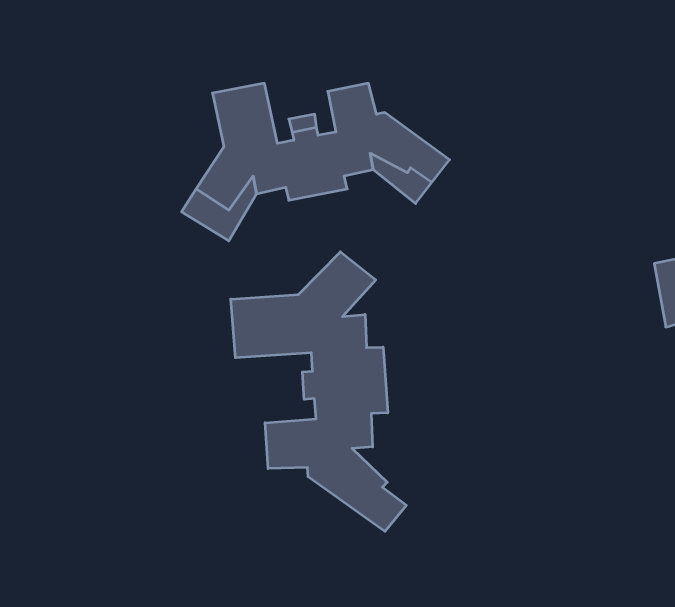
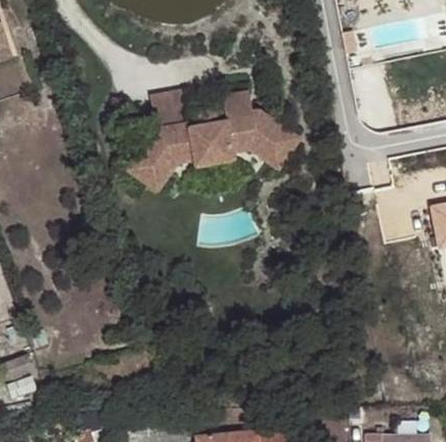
building: [231,252,406,531] -> none

